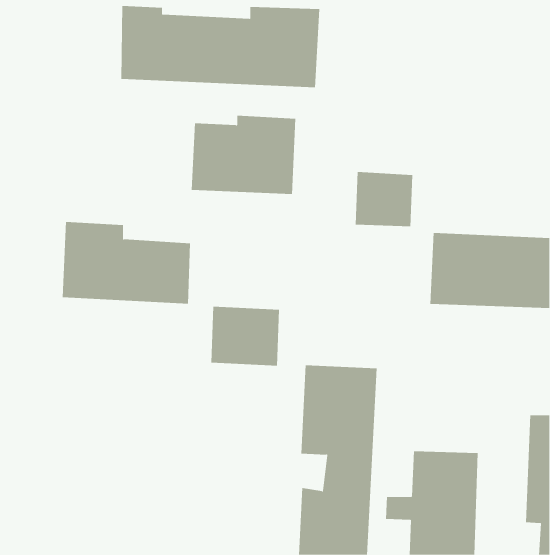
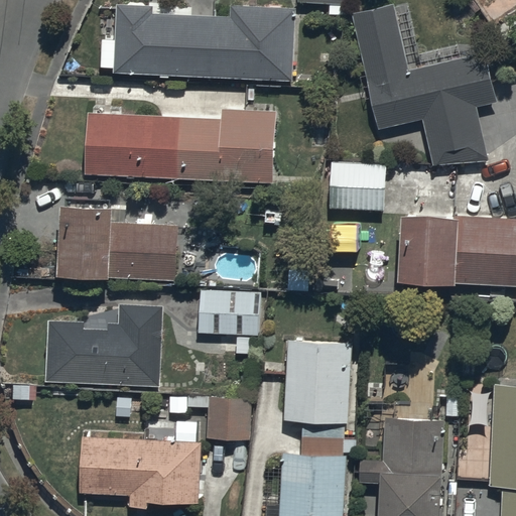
building: none -> [352,4,496,164]
building: none -> [84,110,180,176]
building: none -> [45,302,160,388]
building: none -> [208,398,251,440]
building: none -> [78,442,199,504]

